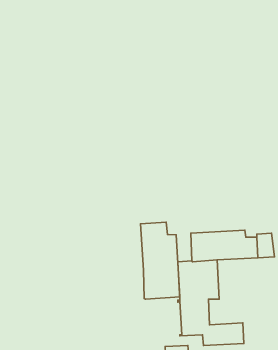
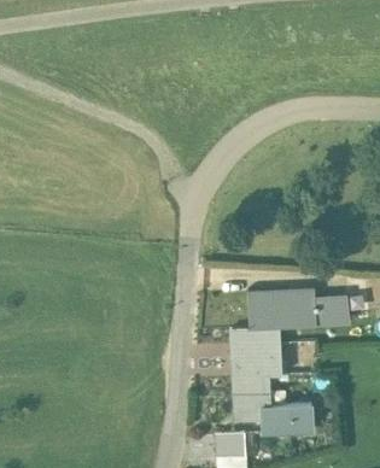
building: [141,222,180,299] -> none

